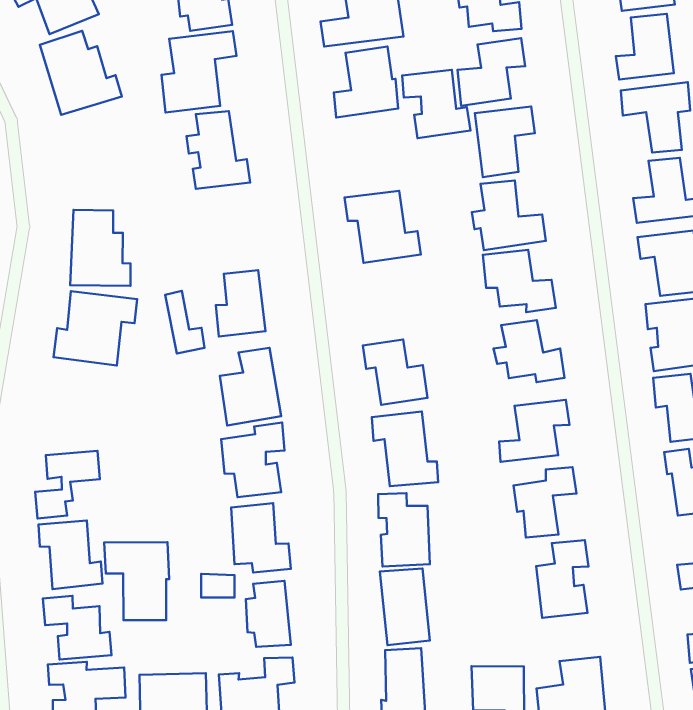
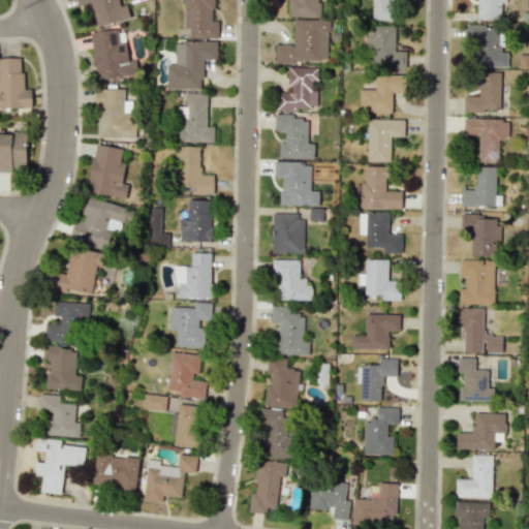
building: [402,70,470,138] -> [275,116,315,158]
building: none -> [98,88,141,138]
building: none -> [179,146,215,194]
building: none -> [272,215,304,253]
building: none -> [50,248,100,295]
building: [104,542,169,620] -> none

